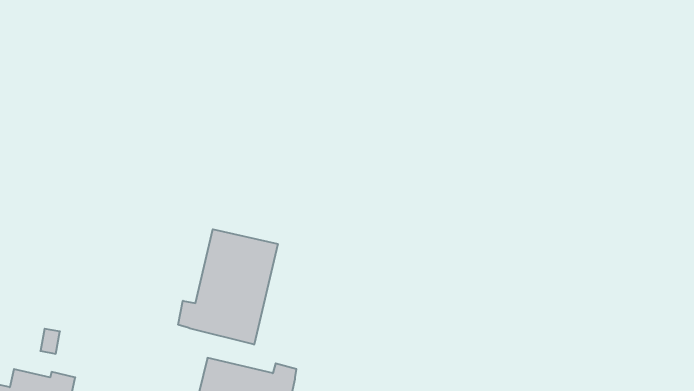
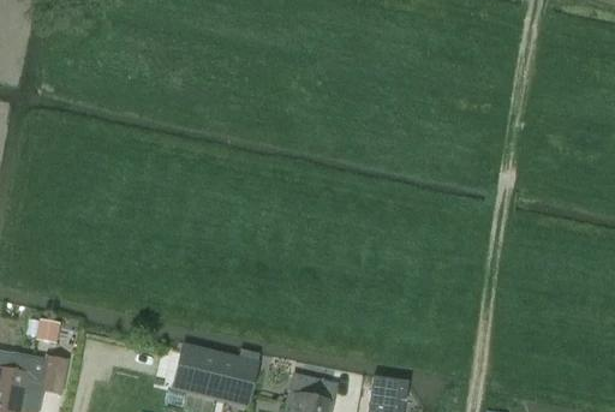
building: [178,229,278,345] -> none

